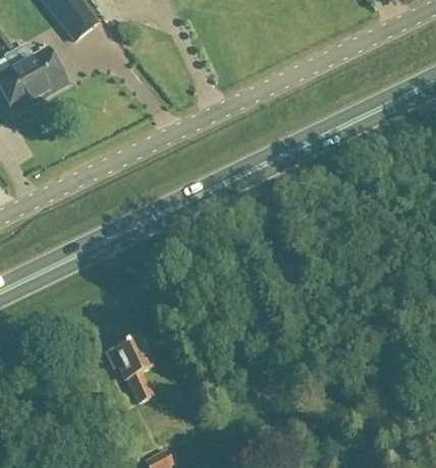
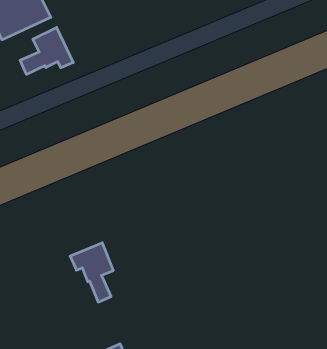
building: none -> [20,27,73,74]

